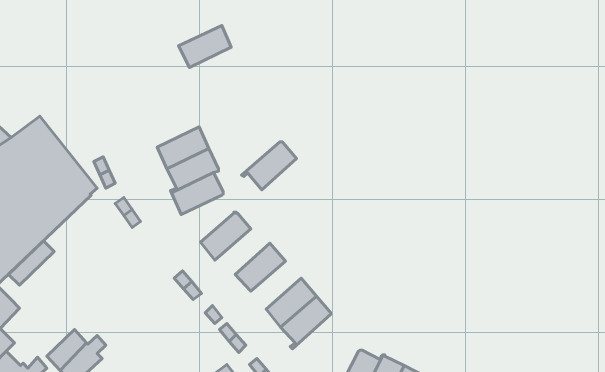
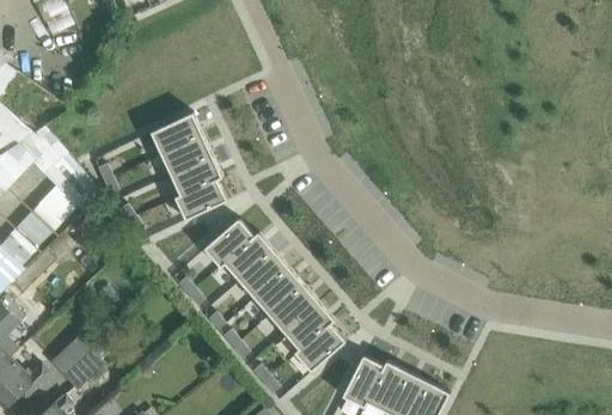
building: [179,26,231,68] -> [149,112,202,154]
building: [241,142,296,190] -> [218,233,273,281]
building: none -> [253,268,304,316]
building: none -> [295,321,344,372]

